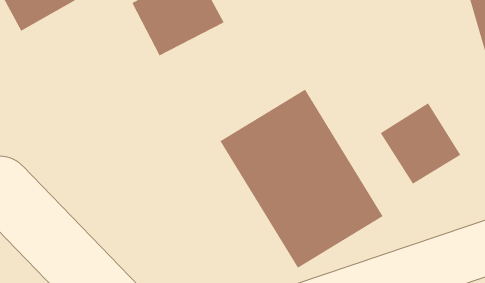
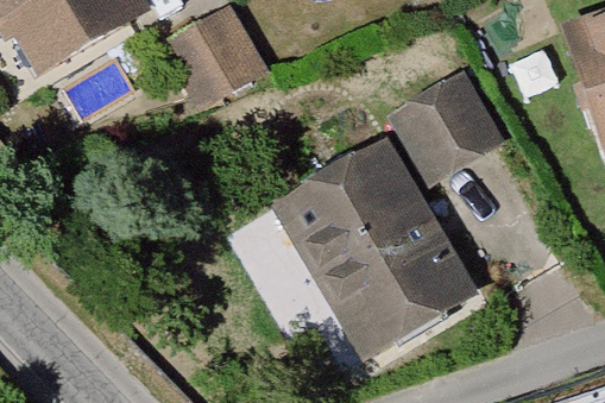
building: [380,102,461,184] -> [393,82,491,181]

